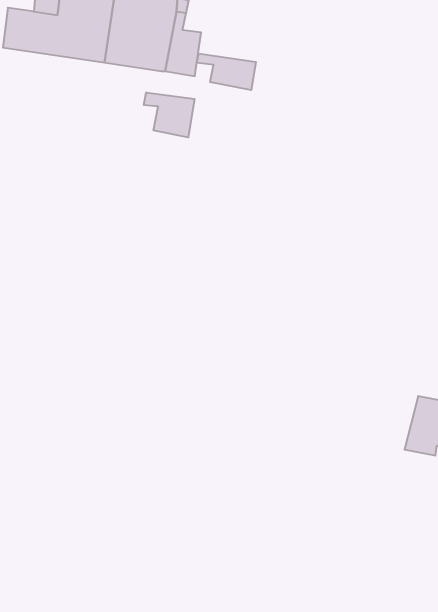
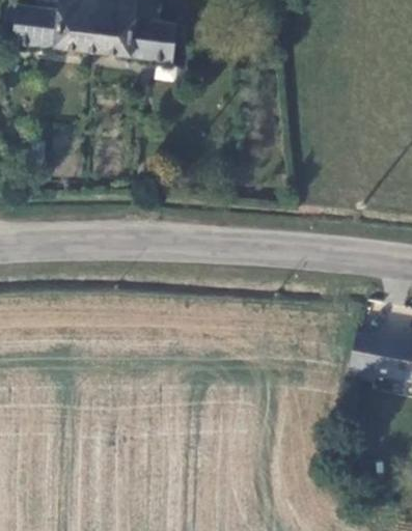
building: [197,54,256,90] -> none
building: [144,92,195,137] -> none

